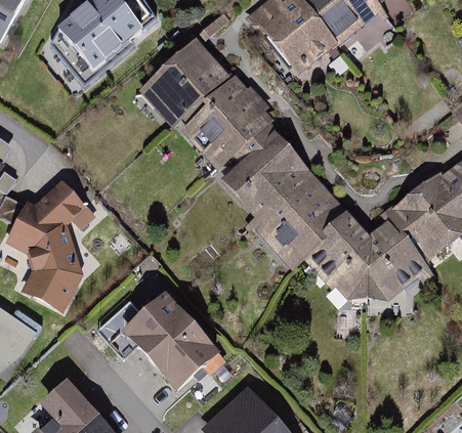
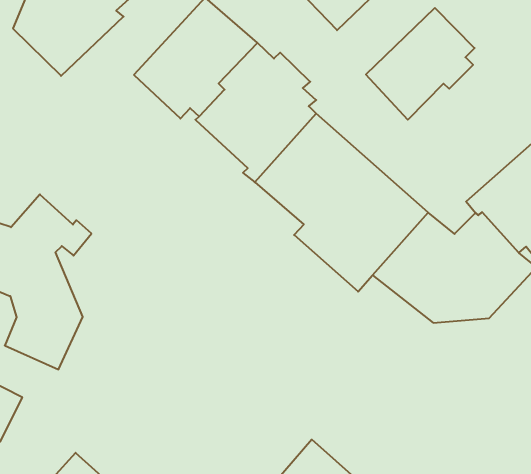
building: none -> [366,8,475,120]
building: [93,287,220,389] -> none

